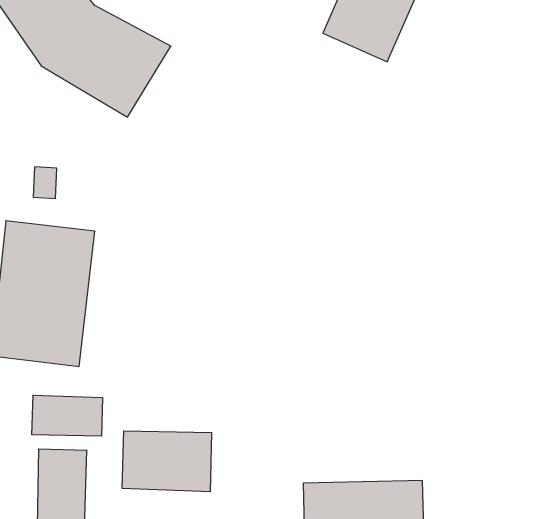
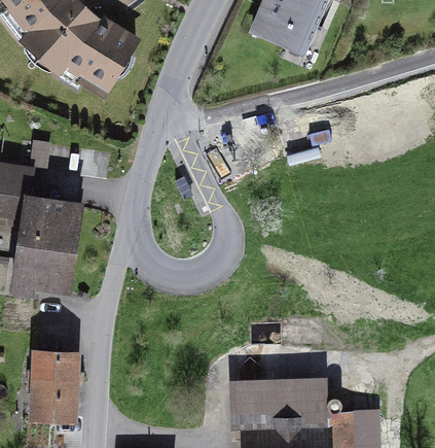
building: [32,395,102,436] -> none
building: [122,431,212,492] -> none

